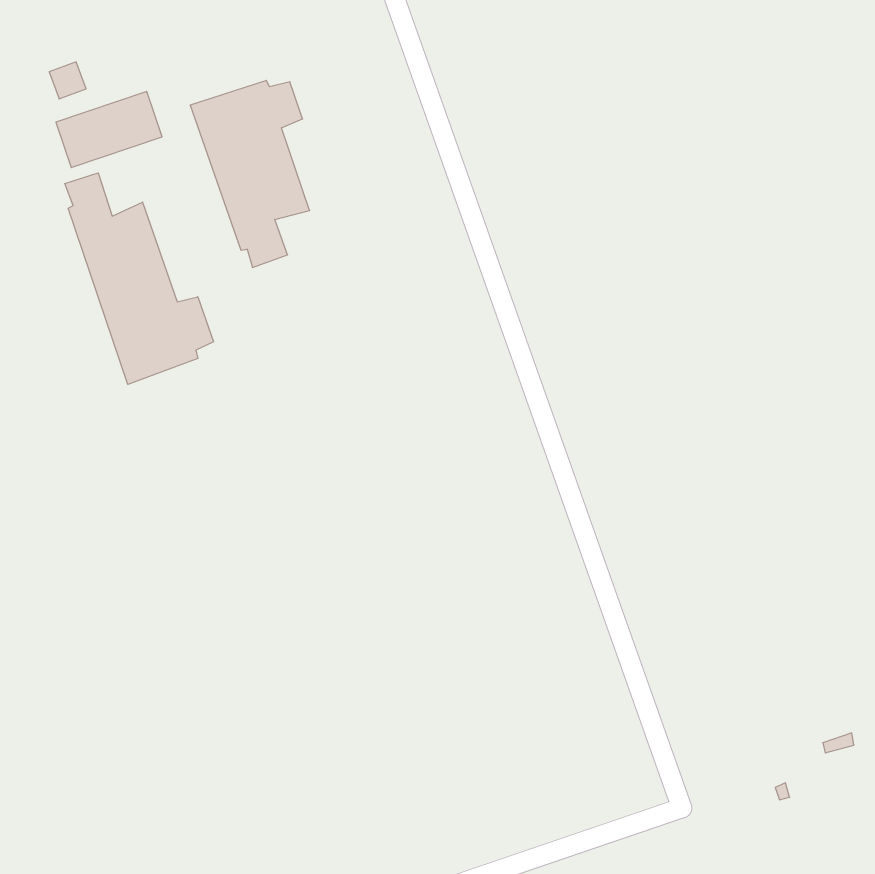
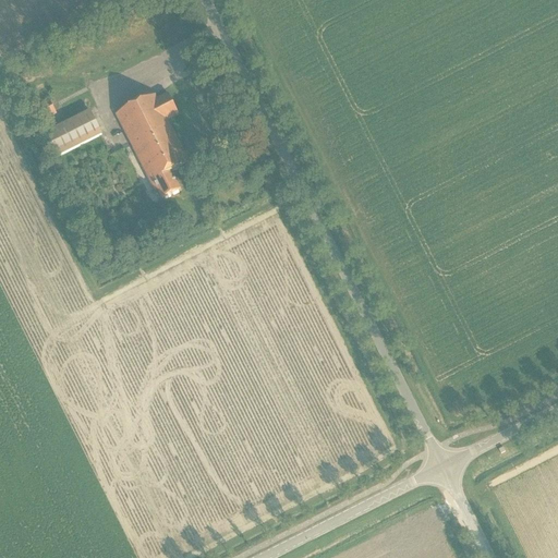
building: [65,173,213,384] -> none

